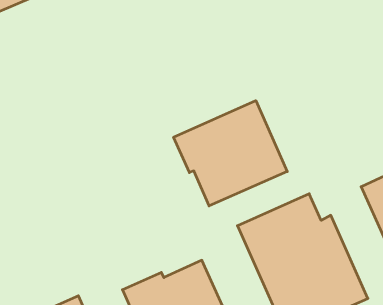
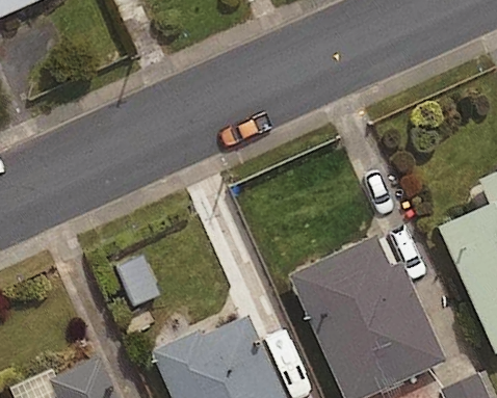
building: [174,101,287,206] -> none

